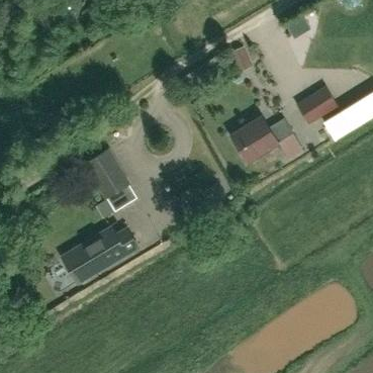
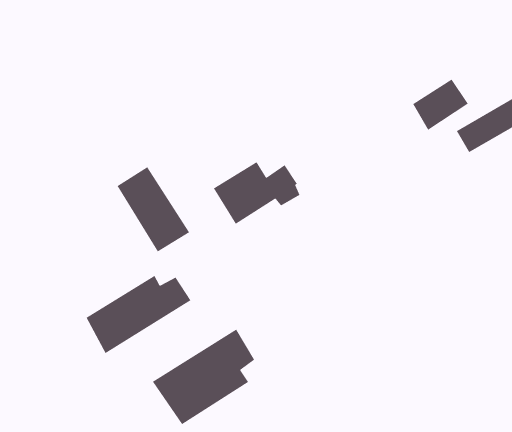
building: [231,115,294,161] -> [213,161,301,225]
building: none -> [152,329,255,425]

